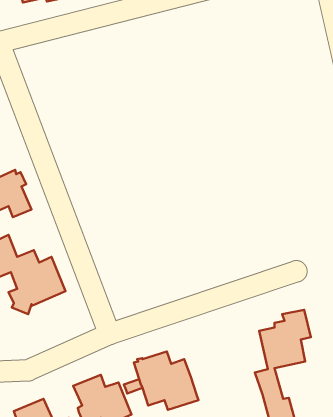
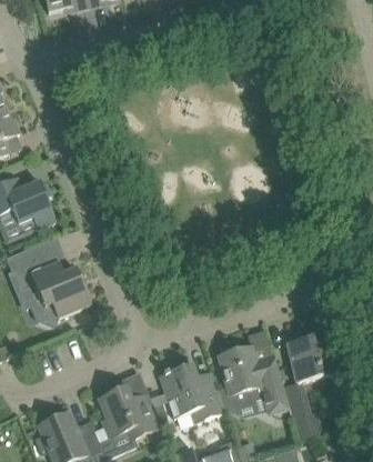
building: none -> [216,346,289,412]

